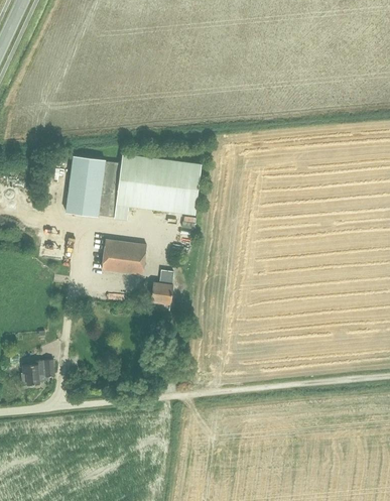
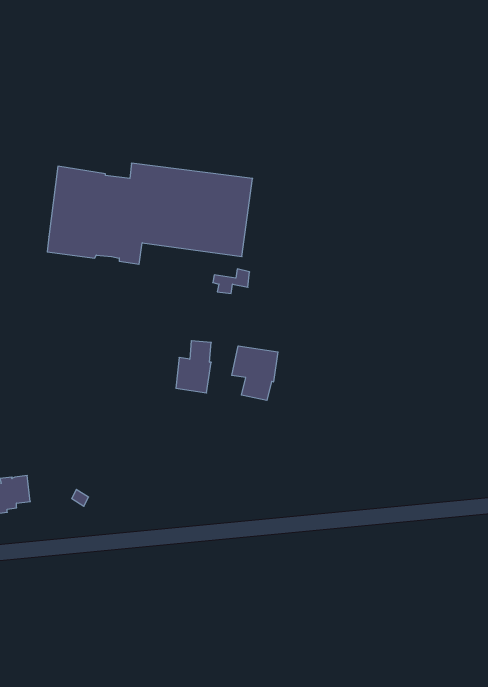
building: [101,239,146,274] -> none
building: none -> [232,346,278,400]

